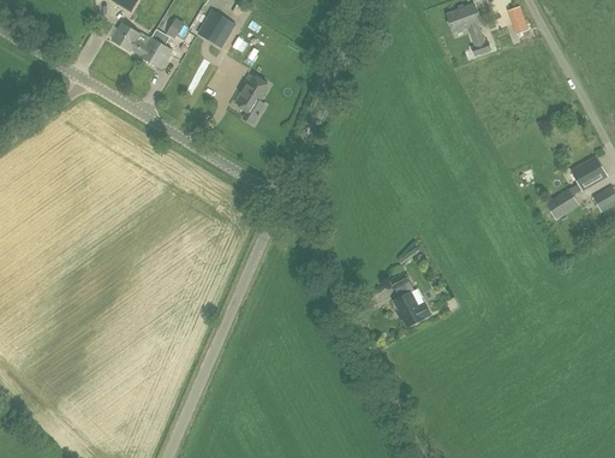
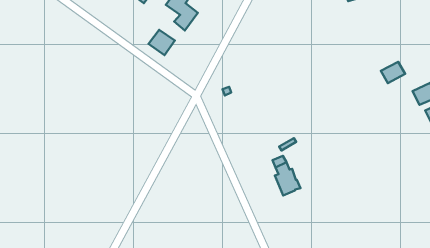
building: none -> [149,30,175,55]
building: [543,188,577,218] -> [381,62,405,83]

